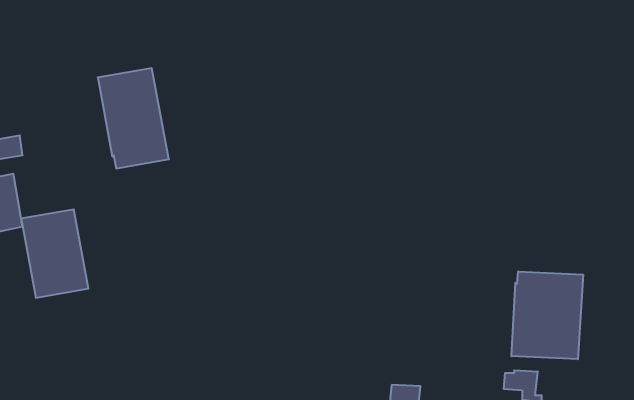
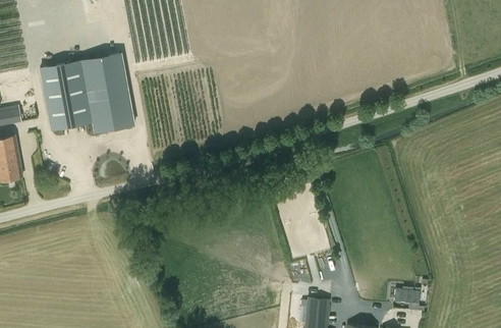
building: [21,209,88,298] -> [39,61,91,129]
building: [511,271,583,359] -> none

